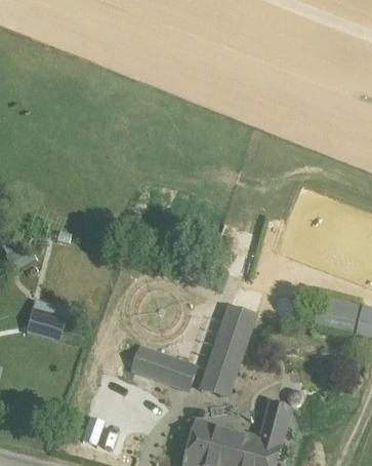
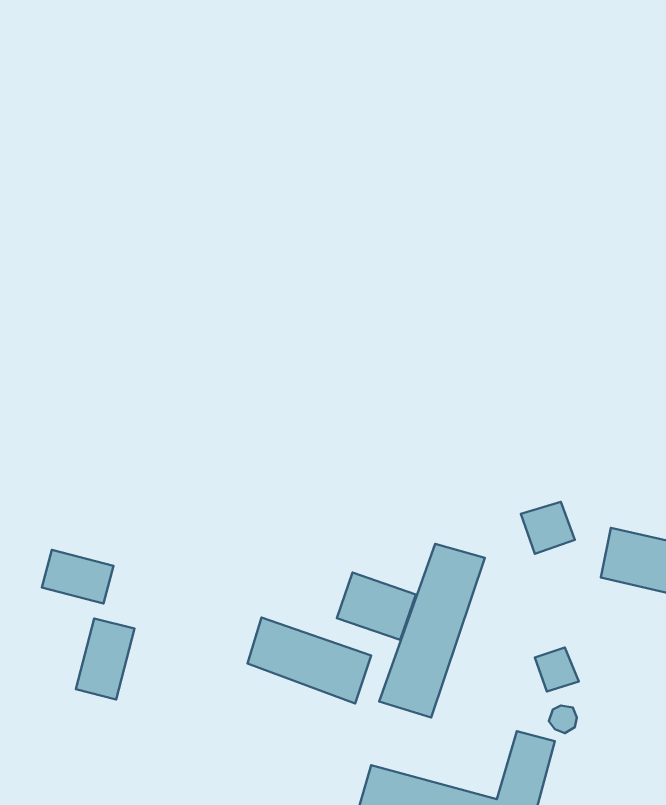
building: none -> [337,573,416,640]
building: none -> [76,618,135,699]

